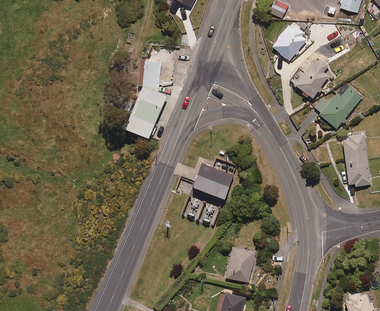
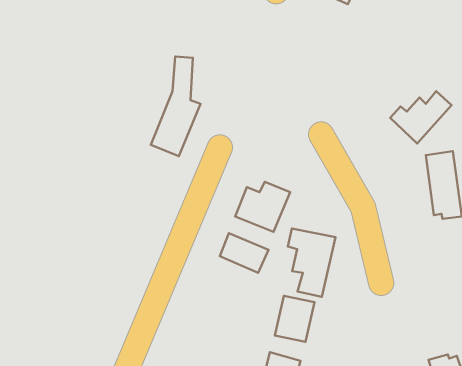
building: [271,22,306,61] -> none
building: [293,59,328,97] -> none
building: none -> [288,229,335,297]

